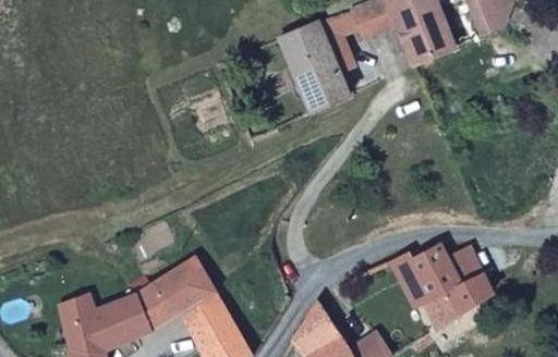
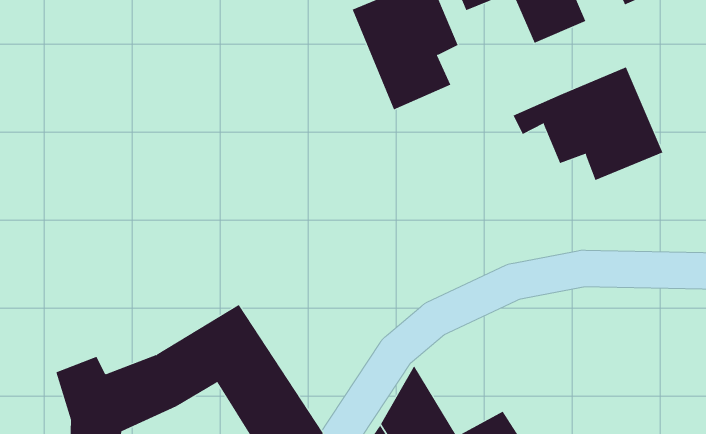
building: none -> [513,66,663,181]
building: [392,244,496,329] -> none

